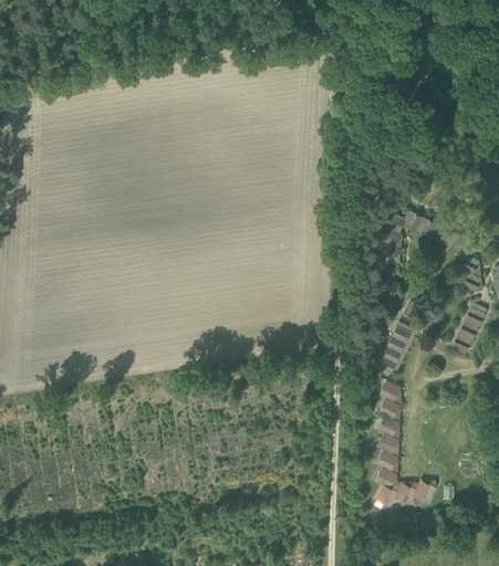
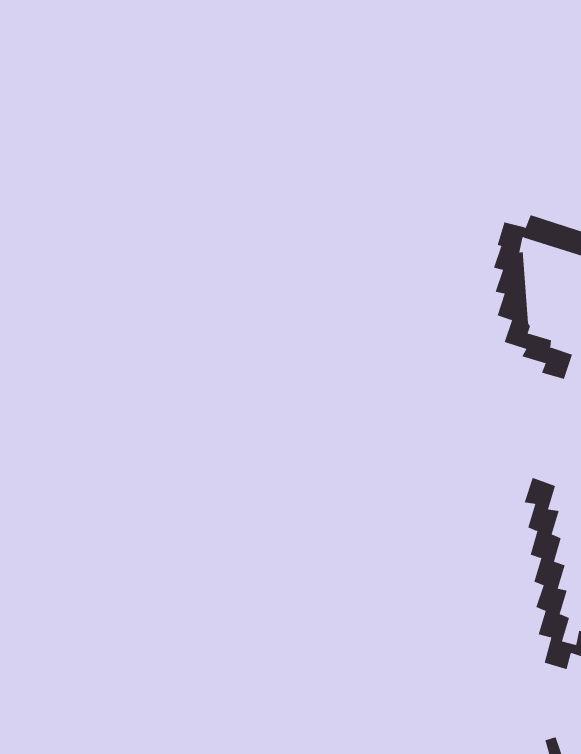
building: [377,325,412,373] -> none

